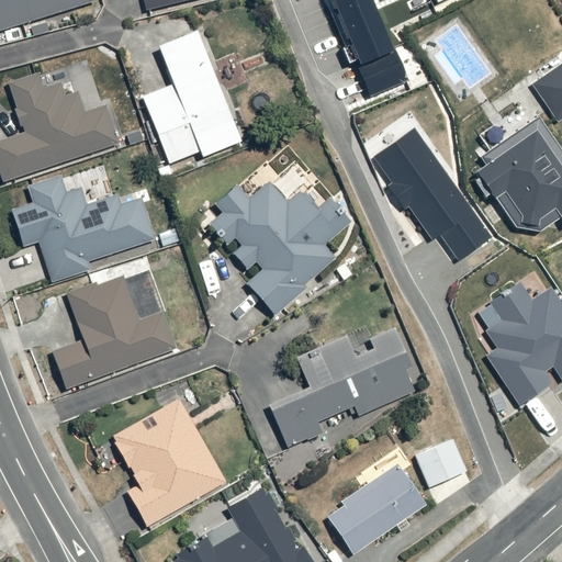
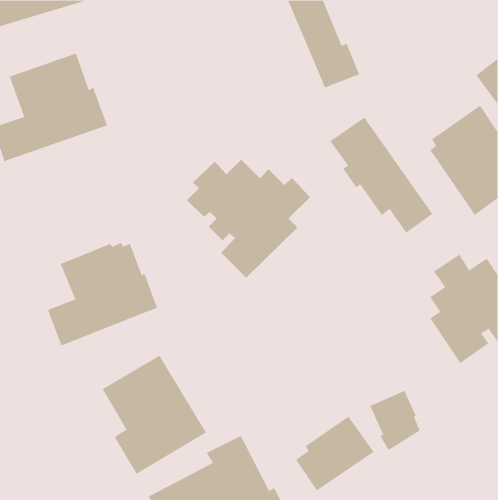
building: [143,29,245,158] -> none
building: [12,171,156,283] -> none
building: [268,316,422,448] -> none

